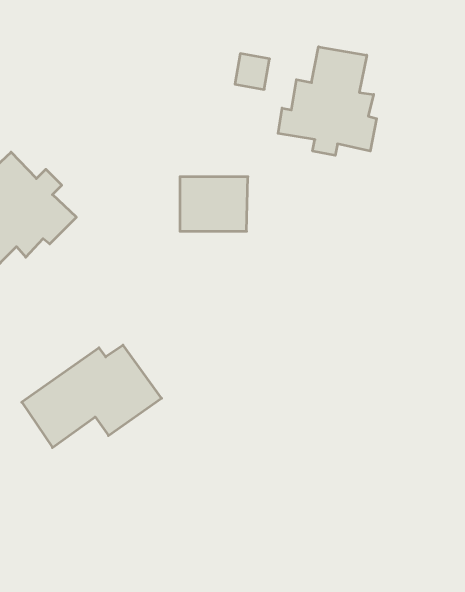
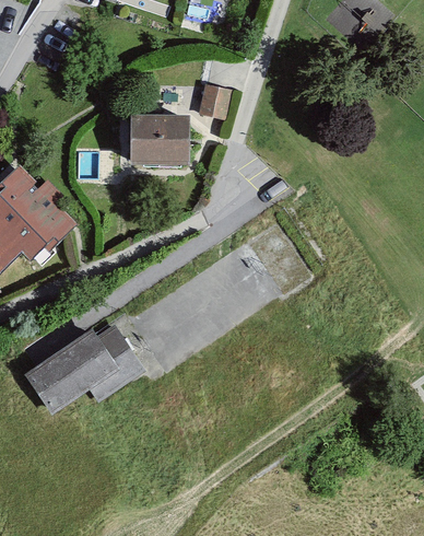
building: [278,47,377,155] -> none
building: [180,177,248,231] -> [131,117,187,162]

